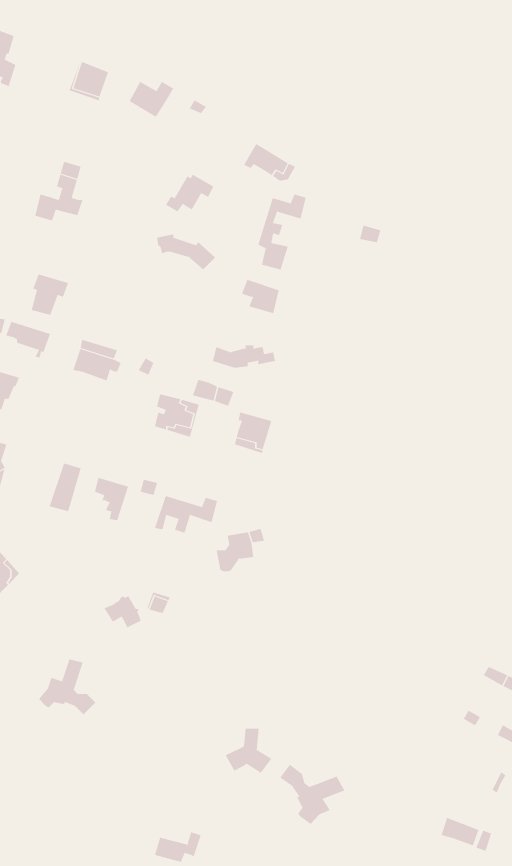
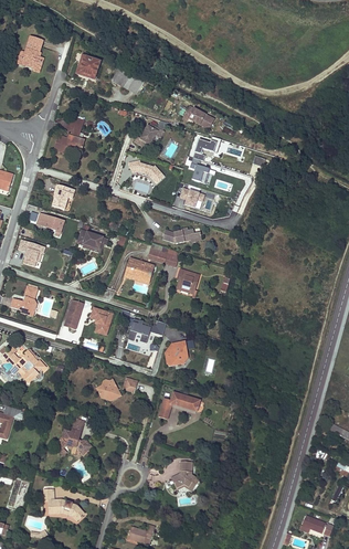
building: none -> [158,392,200,420]
building: [280,764,345,825] -> none
building: none -> [44,489,83,518]

